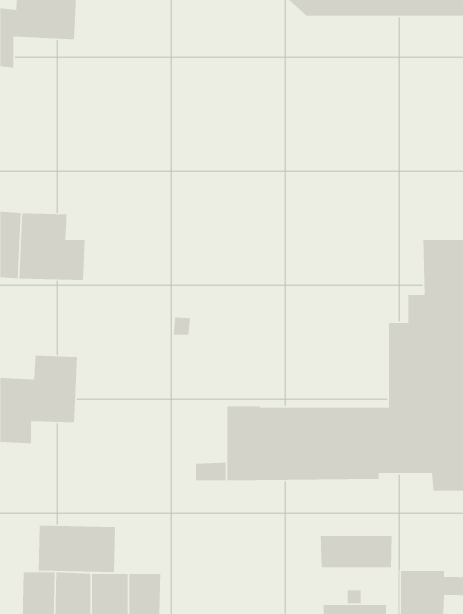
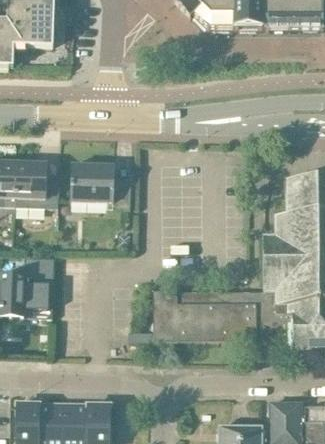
building: none -> [69,163,130,209]
building: [38,525,116,573] -> none
building: [320,535,393,568] -> none

